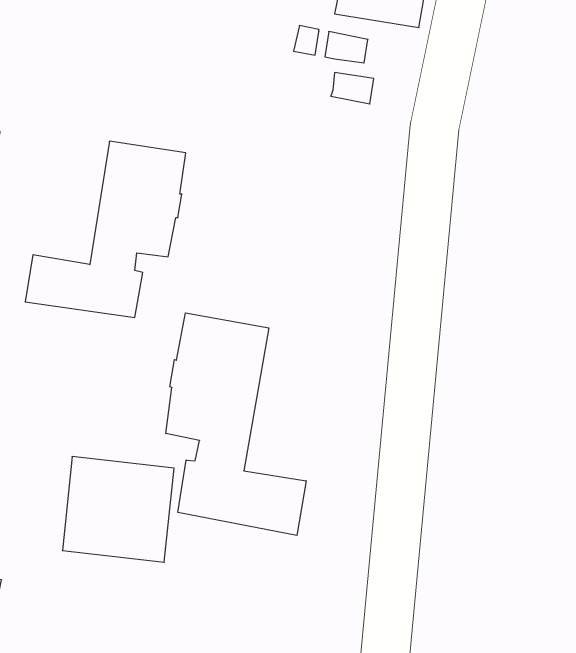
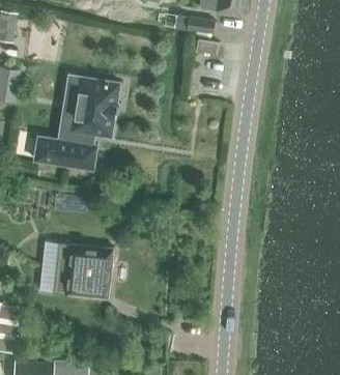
building: [166,313,306,535] -> none

